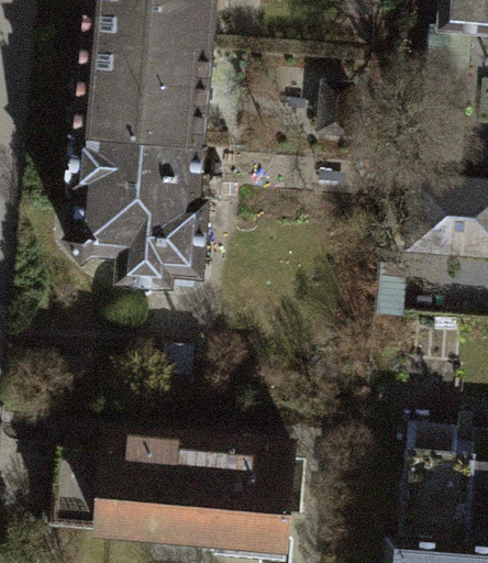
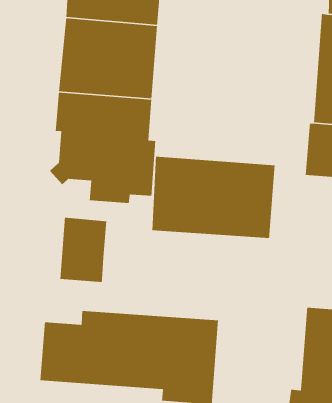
building: none -> [151,156,275,239]
building: none -> [59,217,107,283]

